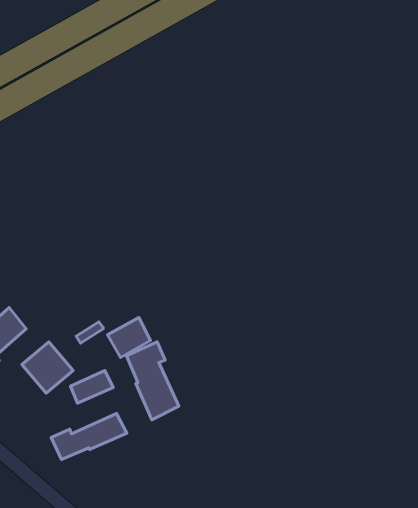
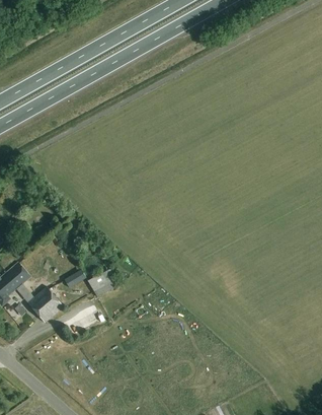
building: [127,342,179,420] -> none
building: [51,414,127,460] -> none

